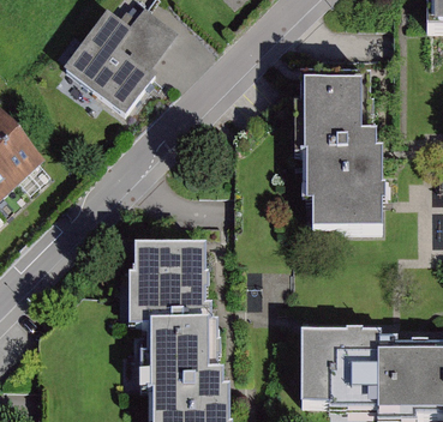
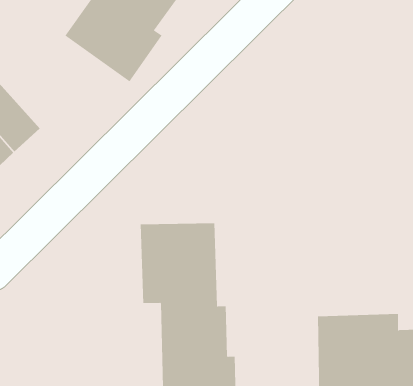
building: [292,73,382,229] -> none

